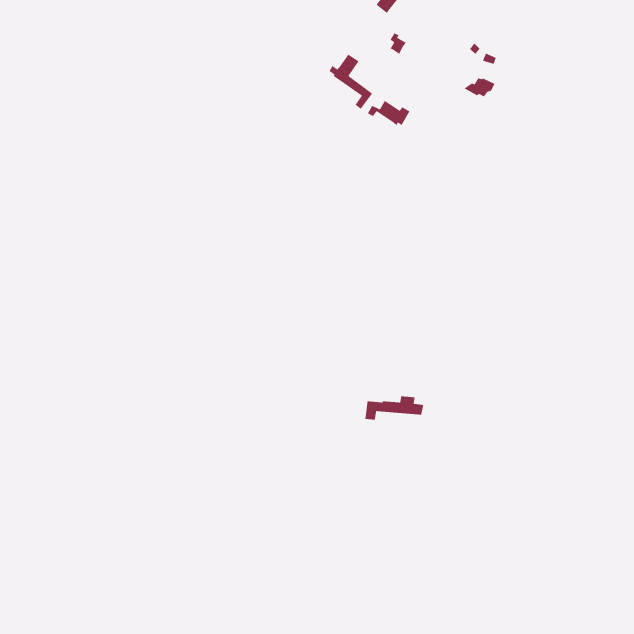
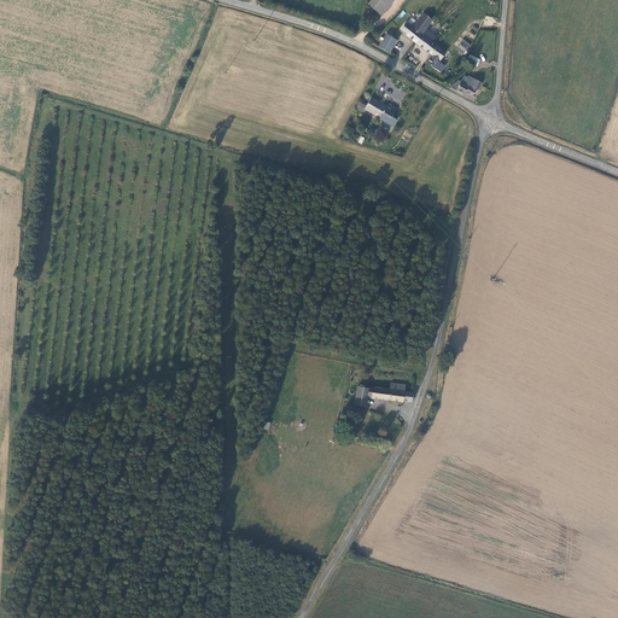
building: [328,54,373,110] -> [403,12,447,66]

